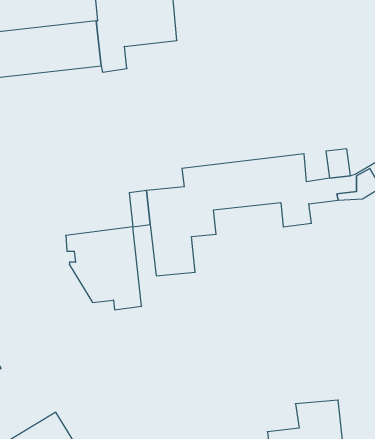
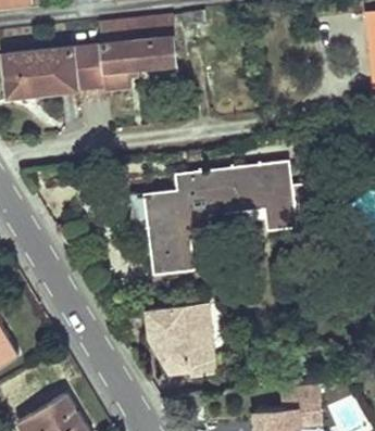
building: [66,227,142,310] -> [147,303,214,377]

